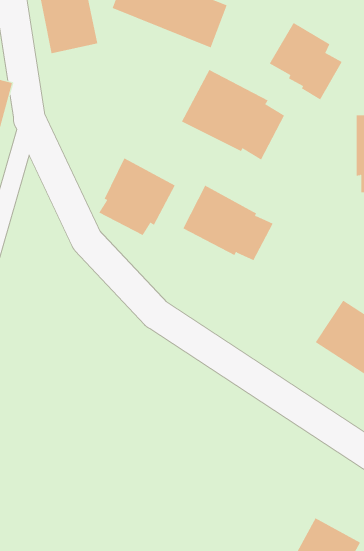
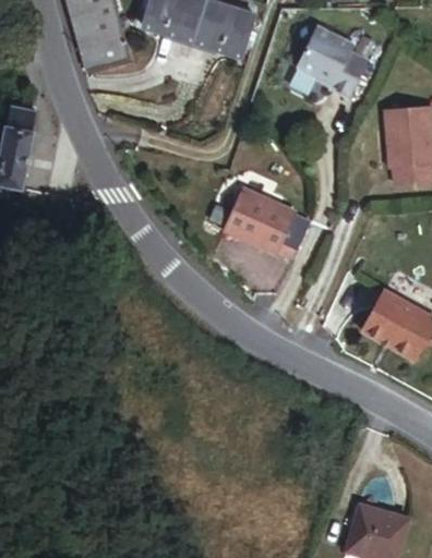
building: [181,69,285,160] -> none
building: [98,158,175,236] -> none

